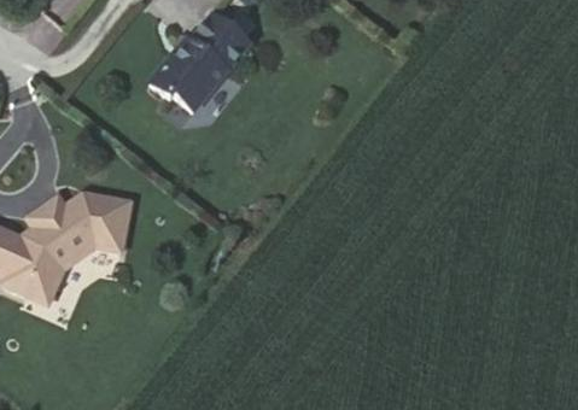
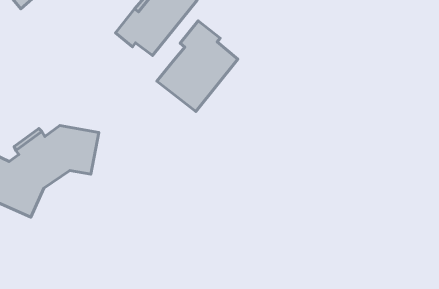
building: none -> [157,21,238,112]

